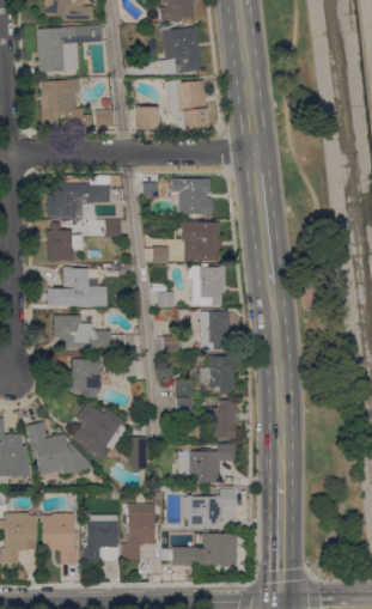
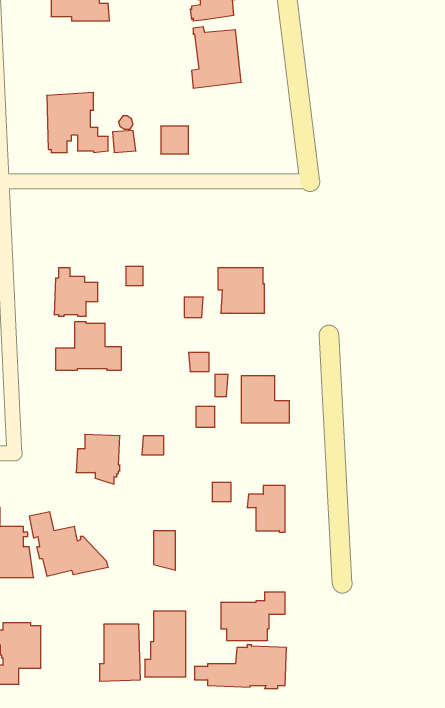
building: [37,25,102,72] -> none
building: [165,79,208,129] -> none
building: [47,176,110,219] -> none
building: [142,183,211,215] -> none
building: [199,266,224,305] -> none
building: [54,315,126,349] -> none
building: [176,355,233,396] -> none
building: [72,403,126,461] -> none
building: [178,444,234,483] -> none
building: [43,513,78,564] -> none

